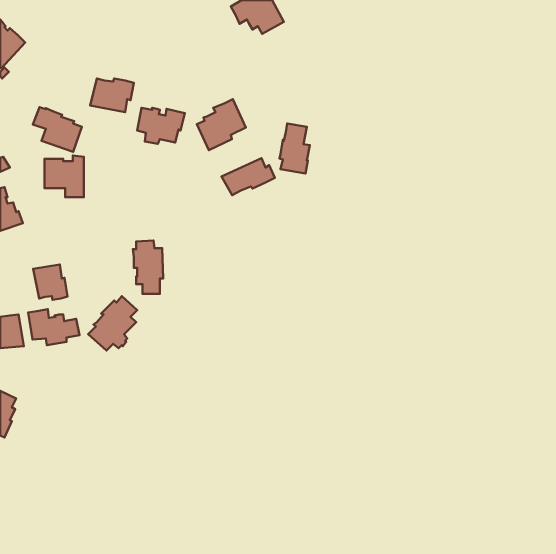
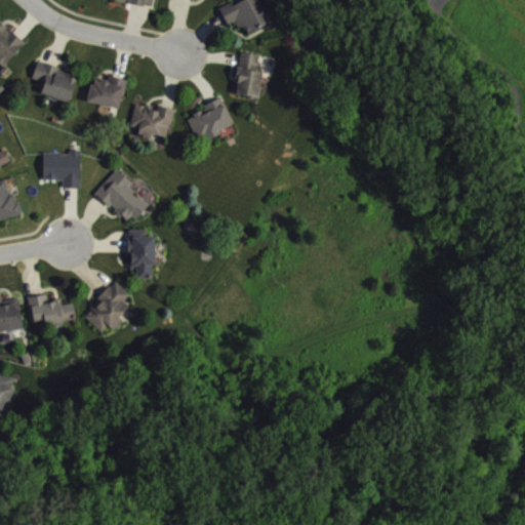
building: [33,107,82,152] -> [31,60,77,103]
building: [279,124,310,174] -> [233,51,261,98]
building: [221,158,275,195] -> none
building: none -> [93,169,148,220]
building: [33,264,68,300] -> none

